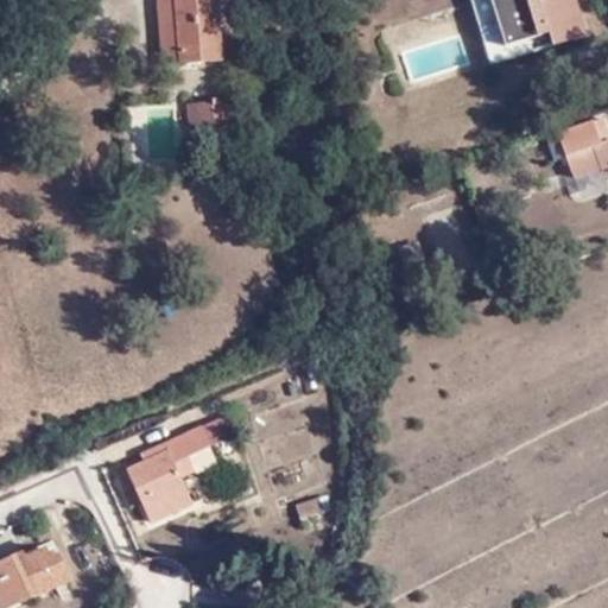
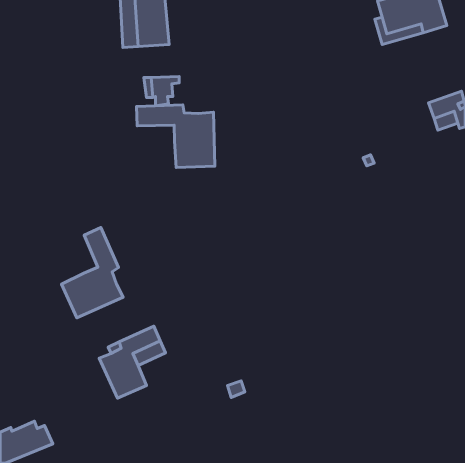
building: none -> [136,105,215,168]
building: none -> [62,228,123,318]

